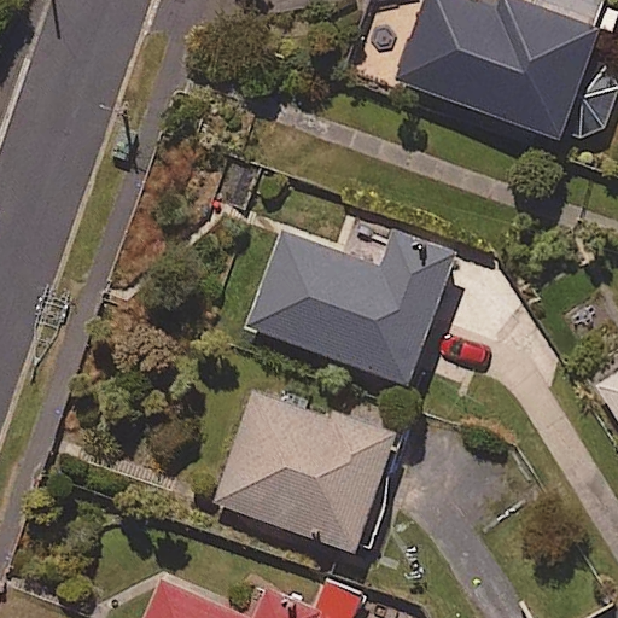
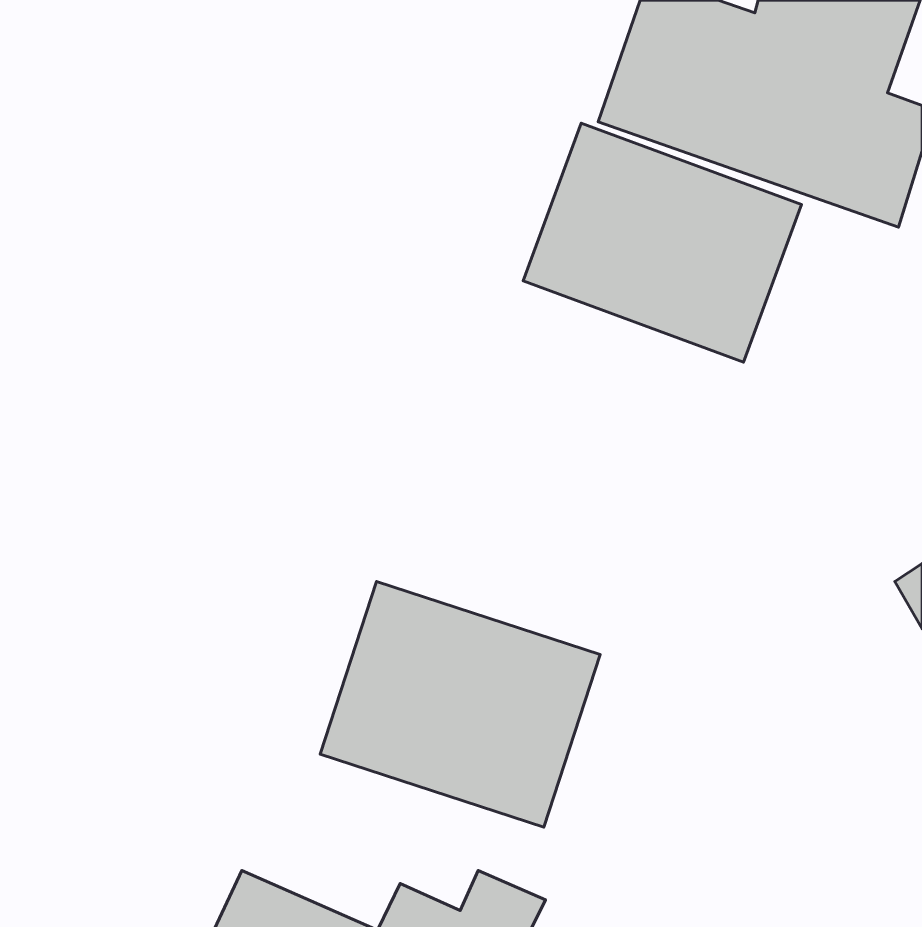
building: none -> [523,123,801,362]
building: [244,227,460,386] -> none

